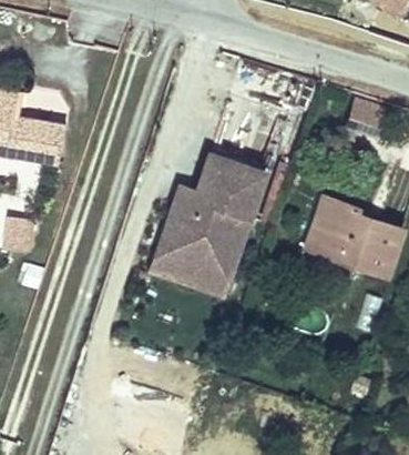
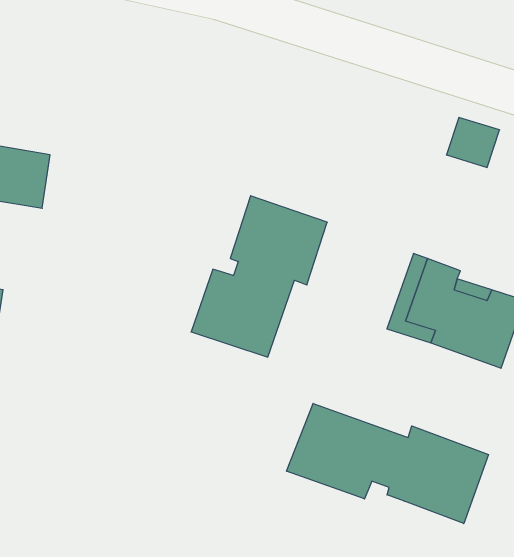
building: [146,181,252,297] -> none
building: none -> [287,403,489,524]

